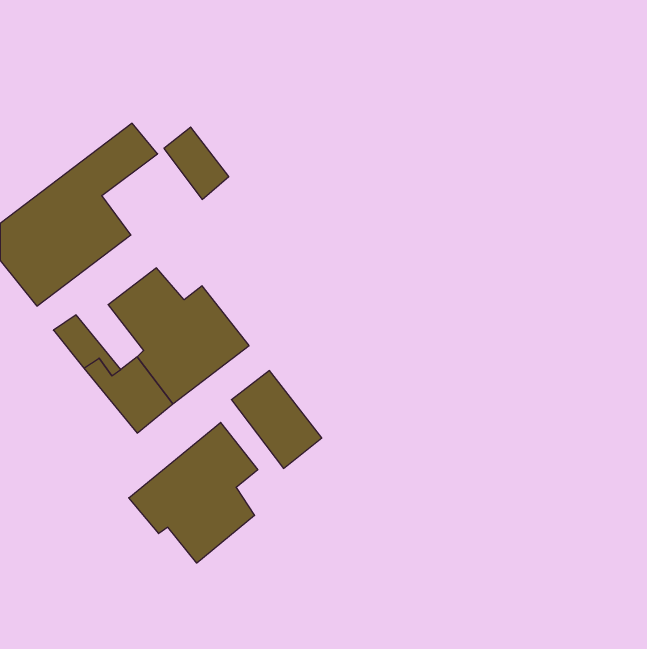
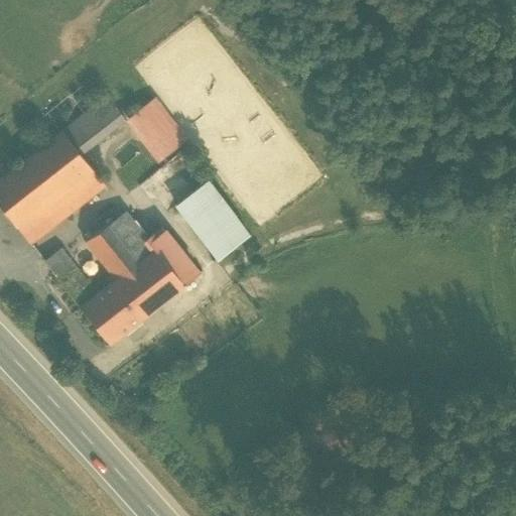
building: [231,371,322,468] -> [177,181,249,259]
building: [129,422,258,563] -> none

